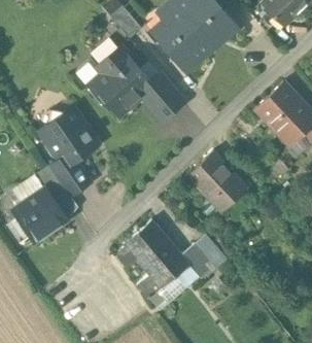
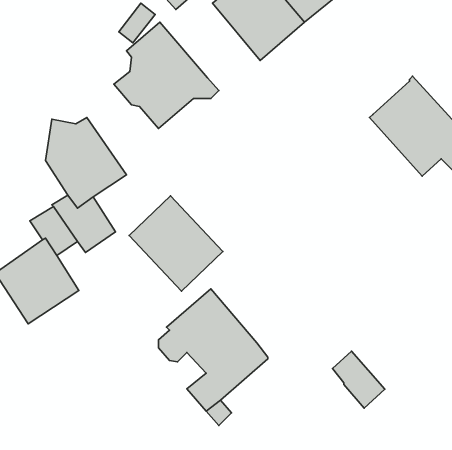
building: [150,74,184,121] -> none
building: [186,150,247,212] -> [129,196,223,291]
building: [182,243,216,280] -> [333,351,385,408]

